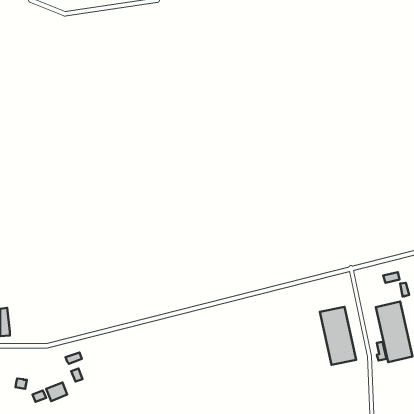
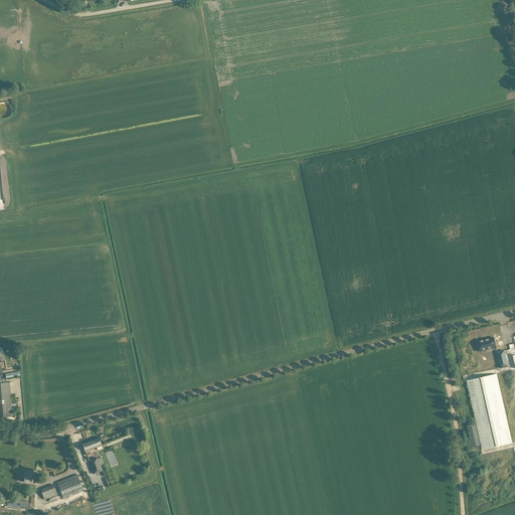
building: [320,307,356,365] -> none

